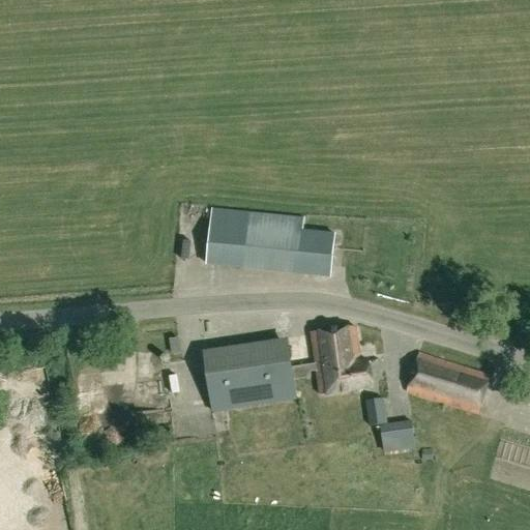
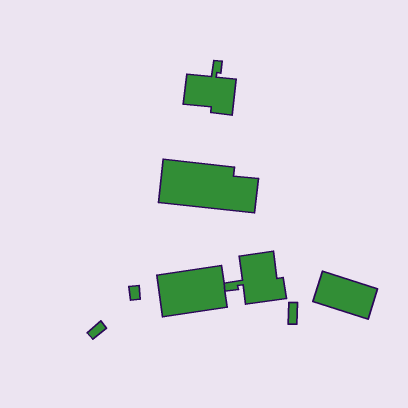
building: none -> [183,60,236,115]
building: [380,420,415,452] -> none

